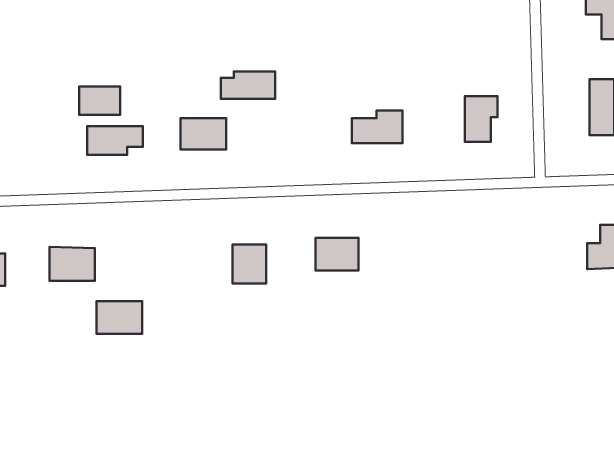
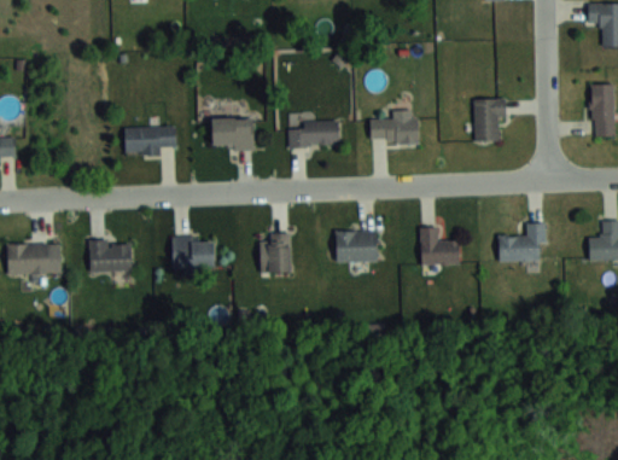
building: [221,71,275,99] -> [288,121,339,146]
building: [79,87,120,115] -> none
building: none -> [500,222,543,260]
building: none -> [420,227,460,264]
building: [97,301,142,334] -> [171,238,214,268]

